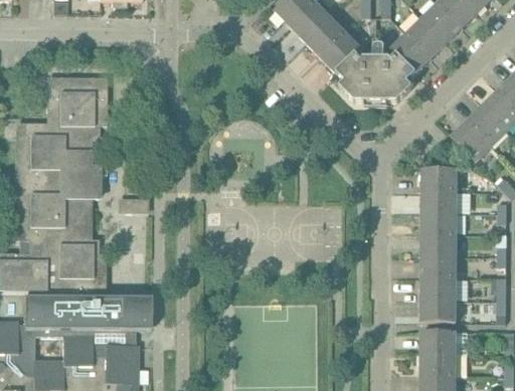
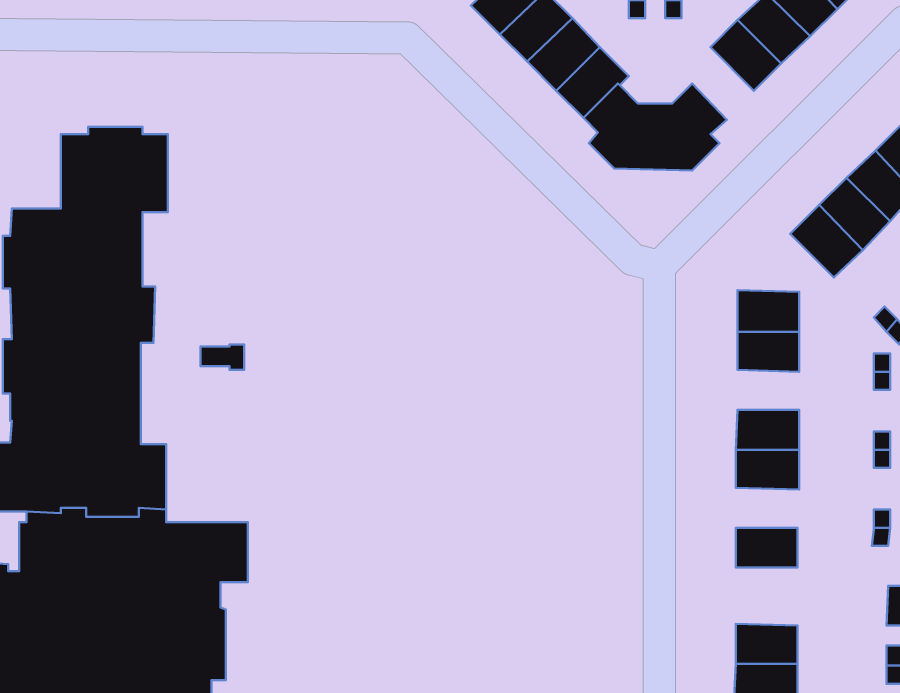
building: [391,32,432,72] -> none
building: [422,211,457,233] -> none
building: [421,276,457,299] -> none
building: [421,330,456,353] -> none

